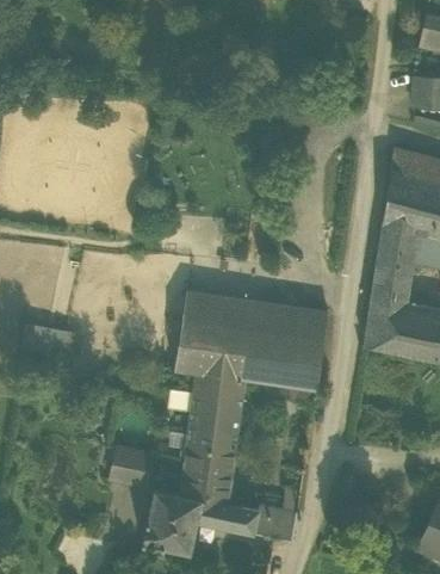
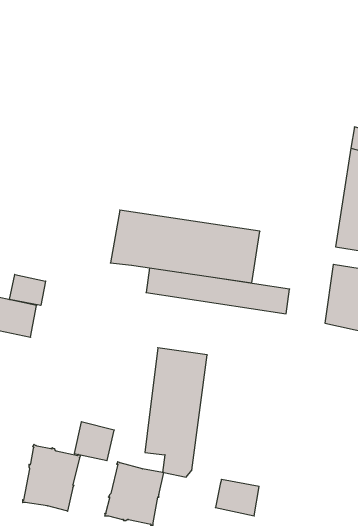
building: none -> [10,274,46,305]
building: [174,314,326,388] -> [110,210,260,283]
building: none -> [23,444,80,511]
building: [197,496,259,532] -> none

